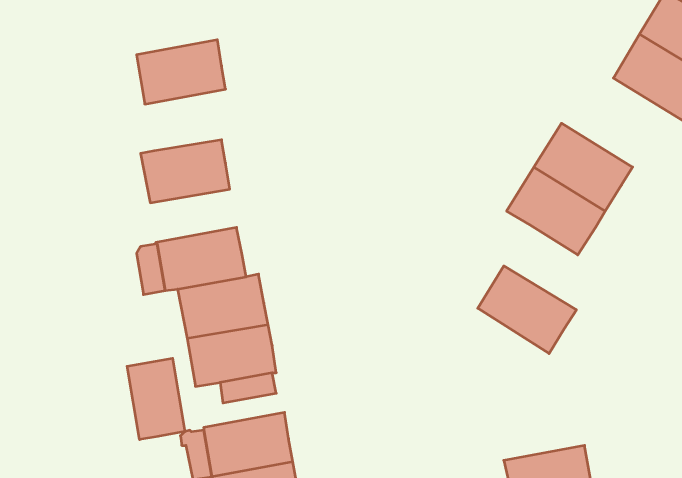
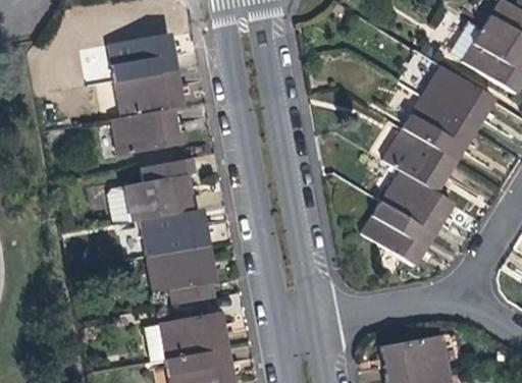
building: none -> [425,65,497,128]
building: none -> [115,70,181,116]
building: none -> [382,171,455,234]
building: [127,358,185,440] -> none

